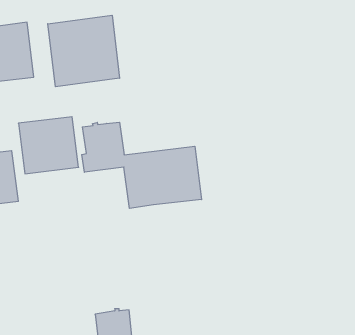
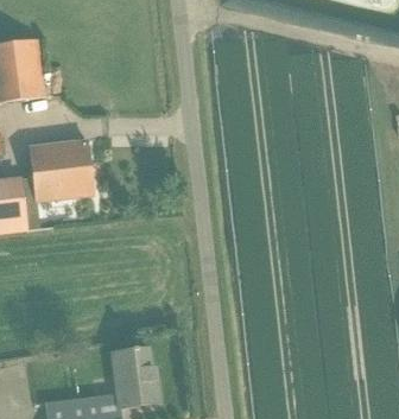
building: [48,15,120,87] -> none
building: [82,122,202,208] -> none

